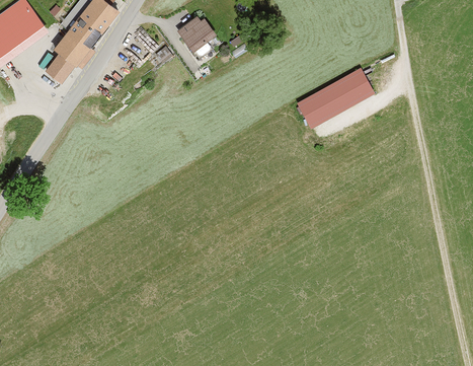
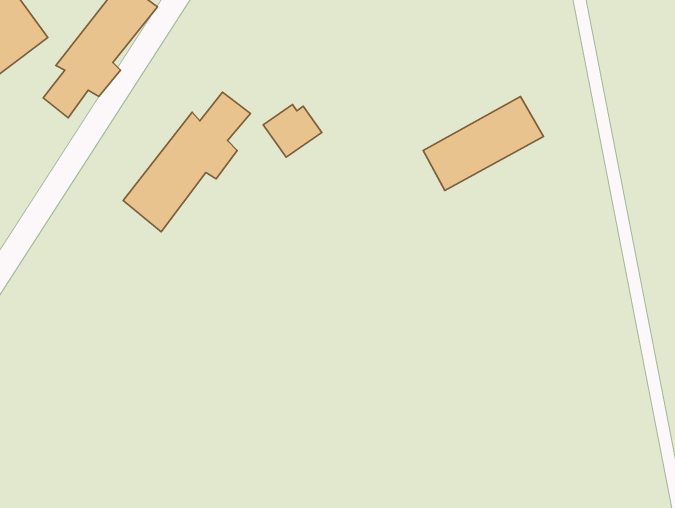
building: [176,17,215,52] -> [263,105,322,157]
building: none -> [123,92,251,232]

